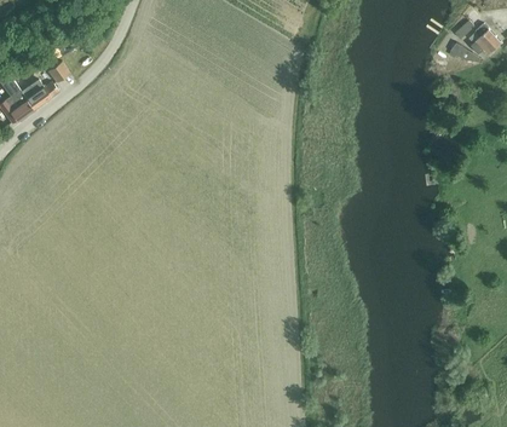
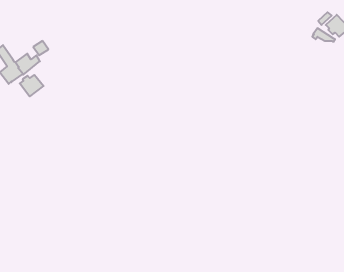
building: none -> [20,75,44,96]

